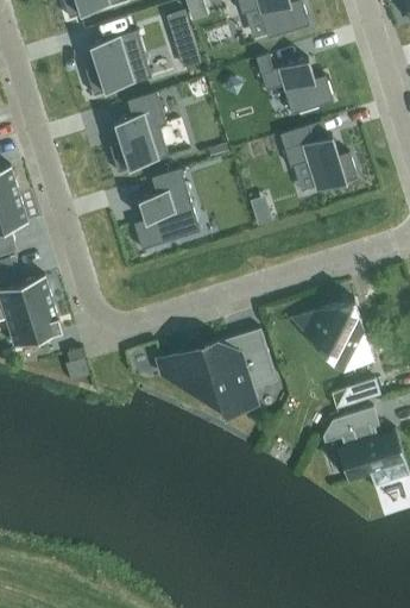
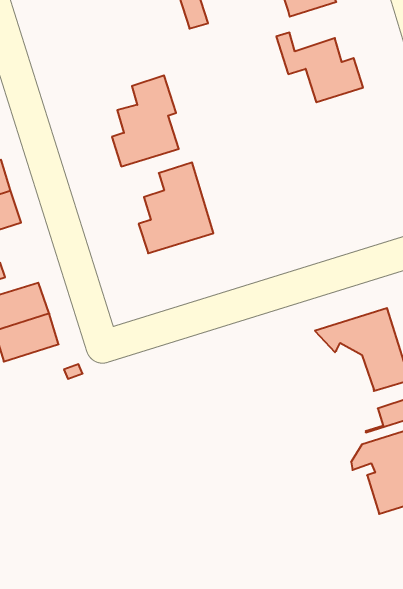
building: [84,31,151,95] -> none
building: [279,125,358,192] -> none
building: [160,328,277,408] -> none

